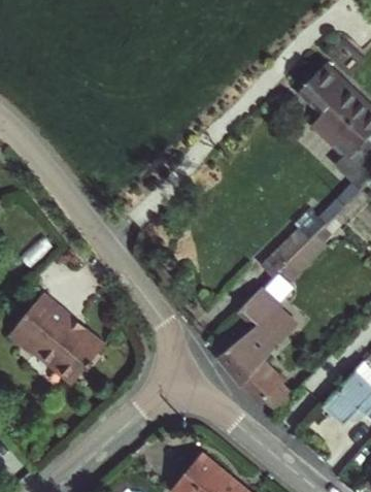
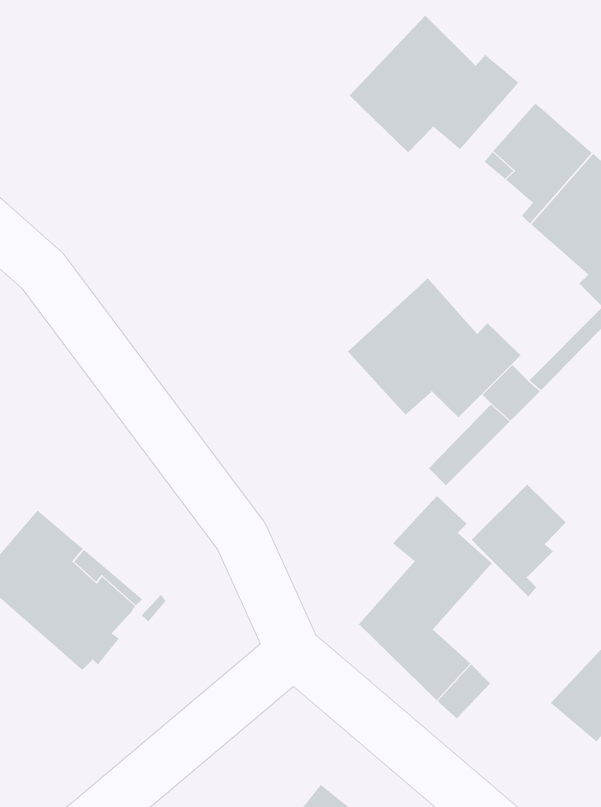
building: none -> [349,15,519,153]
building: none -> [347,277,521,418]
building: none -> [471,484,567,597]

